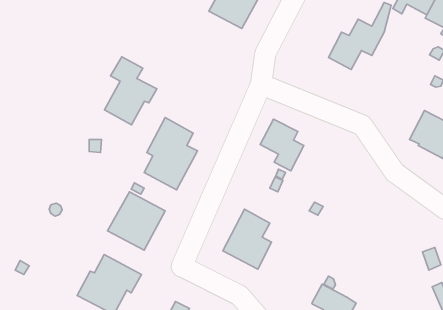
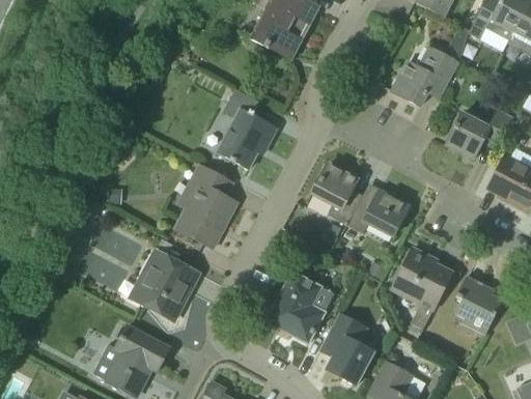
building: [104,57,157,125] -> [216,89,278,170]
building: none -> [447,109,514,159]
building: none -> [348,192,409,238]
building: none -> [392,249,452,330]
building: none -> [455,277,503,335]
building: none -> [322,313,374,384]

